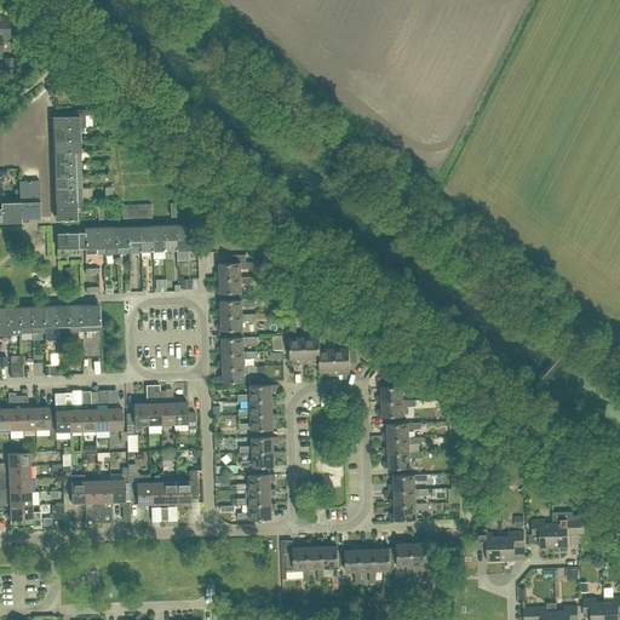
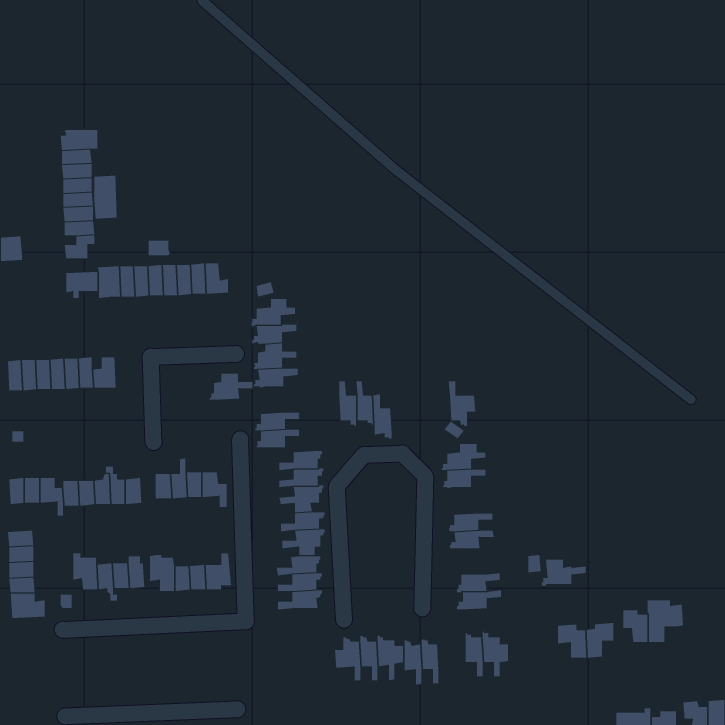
building: [18,182,39,219] -> [93,175,118,219]
building: [217,331,254,354] -> [209,373,253,400]
building: [332,337,356,375] -> [448,381,476,426]
building: [381,417,420,440] -> none
building: [388,469,426,492] -> [541,559,587,586]
building: [373,545,396,584] -> none

